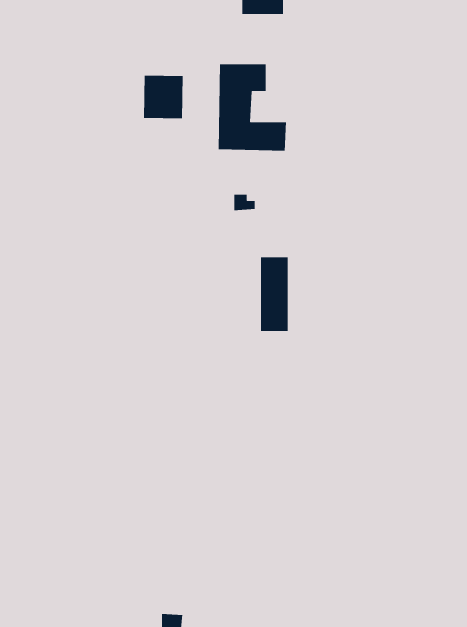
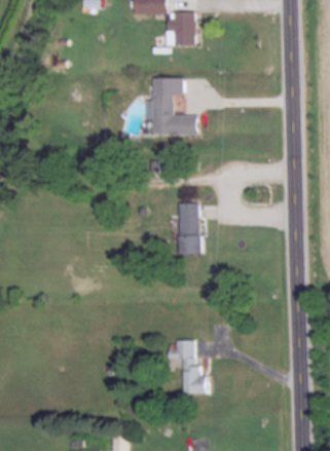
building: [143,75,183,119] -> none
building: none -> [169,339,208,393]

